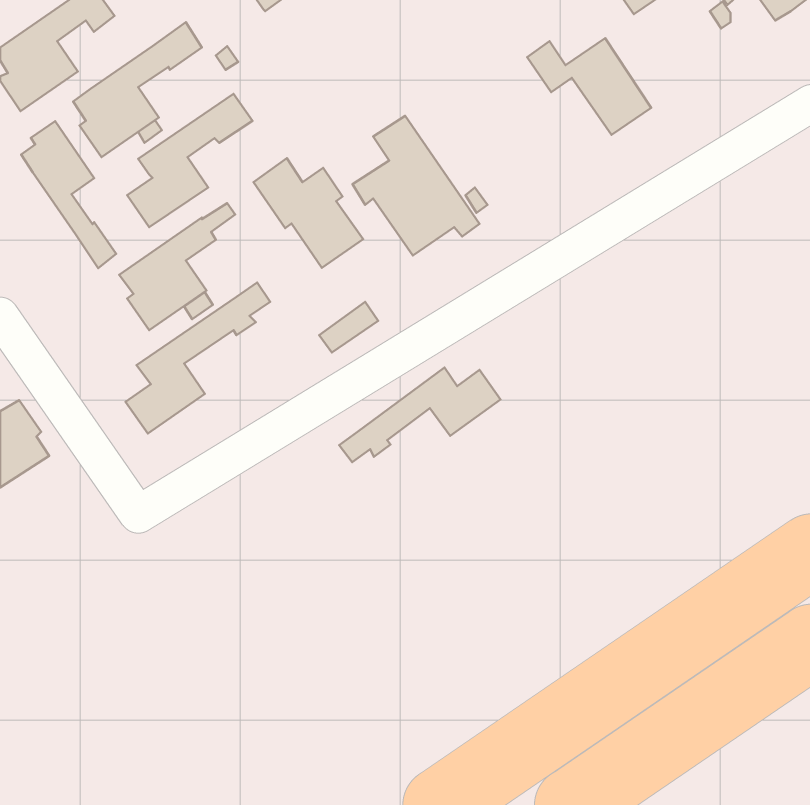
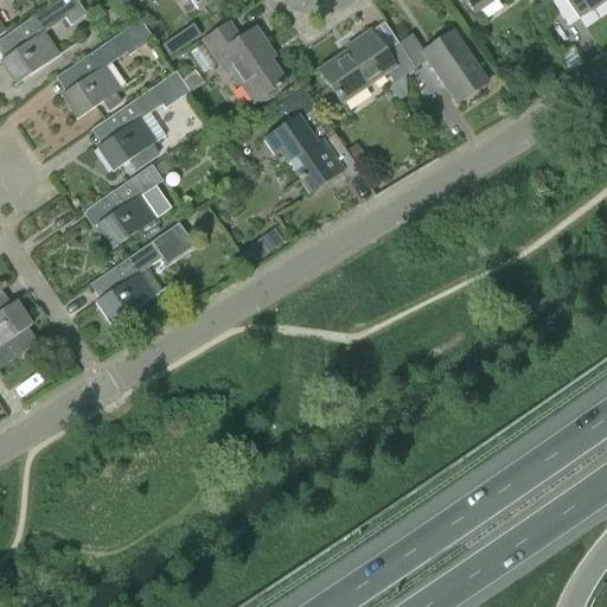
building: none -> [319,28,413,102]
building: [21,121,116,268] -> none
building: [253,158,363,268] -> [203,19,285,101]
building: [339,368,501,462] -> none

